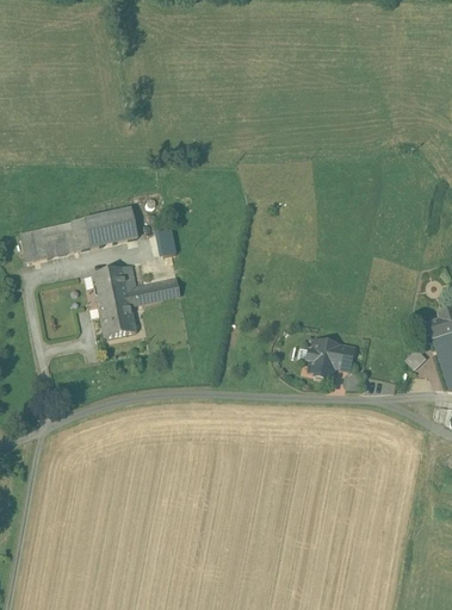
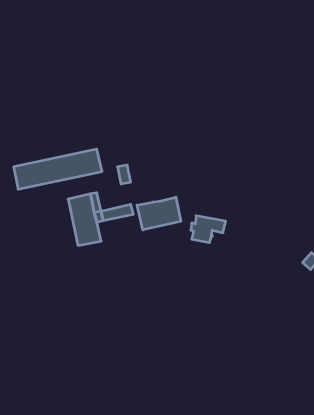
building: none -> [137,197,181,230]
building: [308,340,354,375] -> [191,216,226,243]

